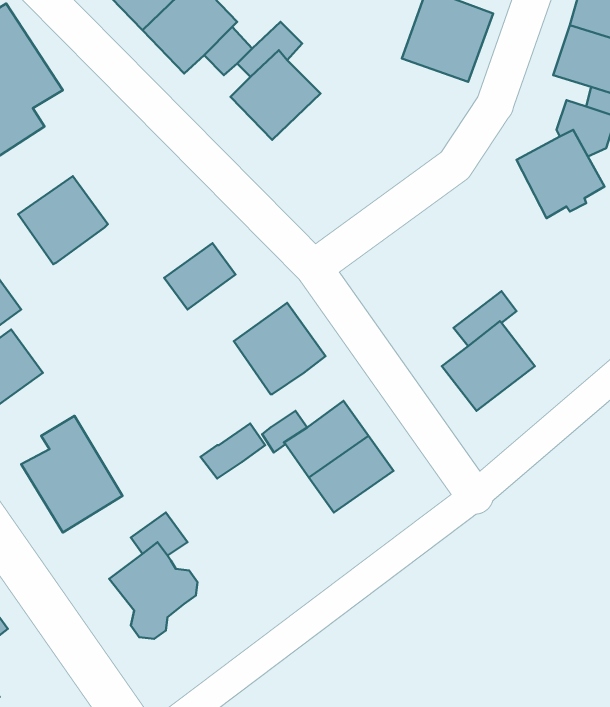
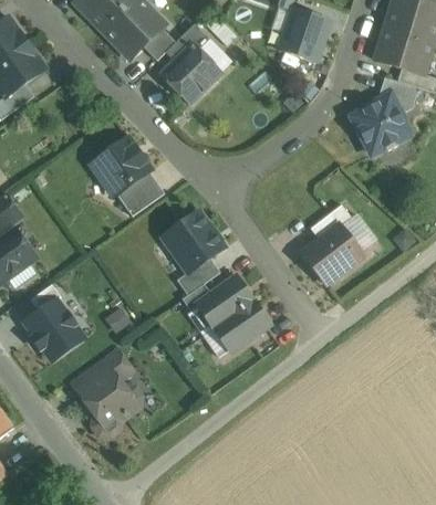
building: [18,176,108,264] -> [91,137,150,196]
building: [200,424,265,478] -> [176,257,219,294]

